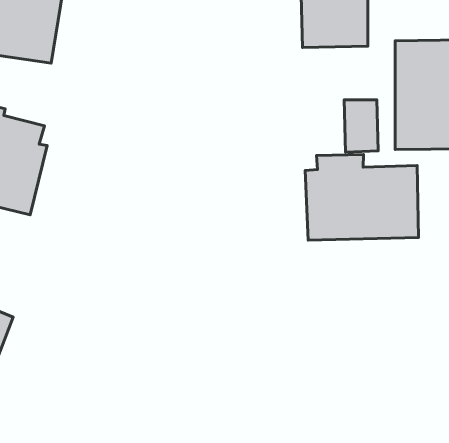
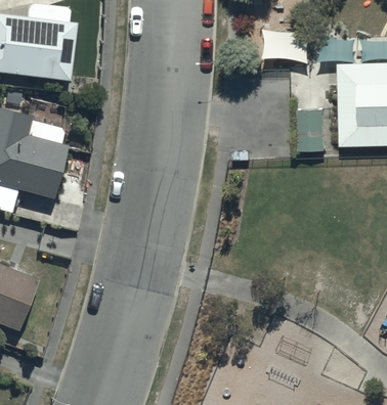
building: [305,154,418,240] -> none

